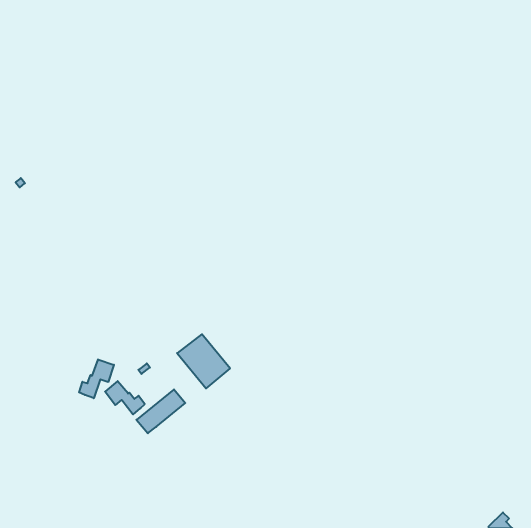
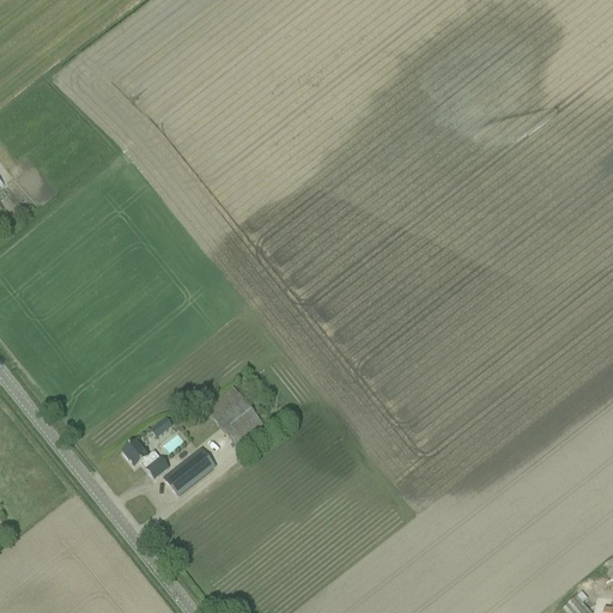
building: [79,359,114,398] -> none

